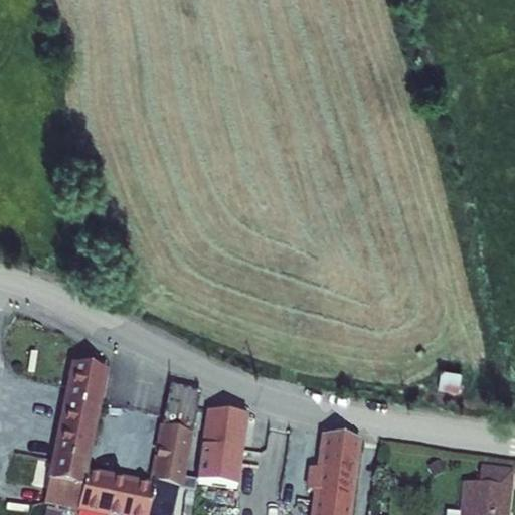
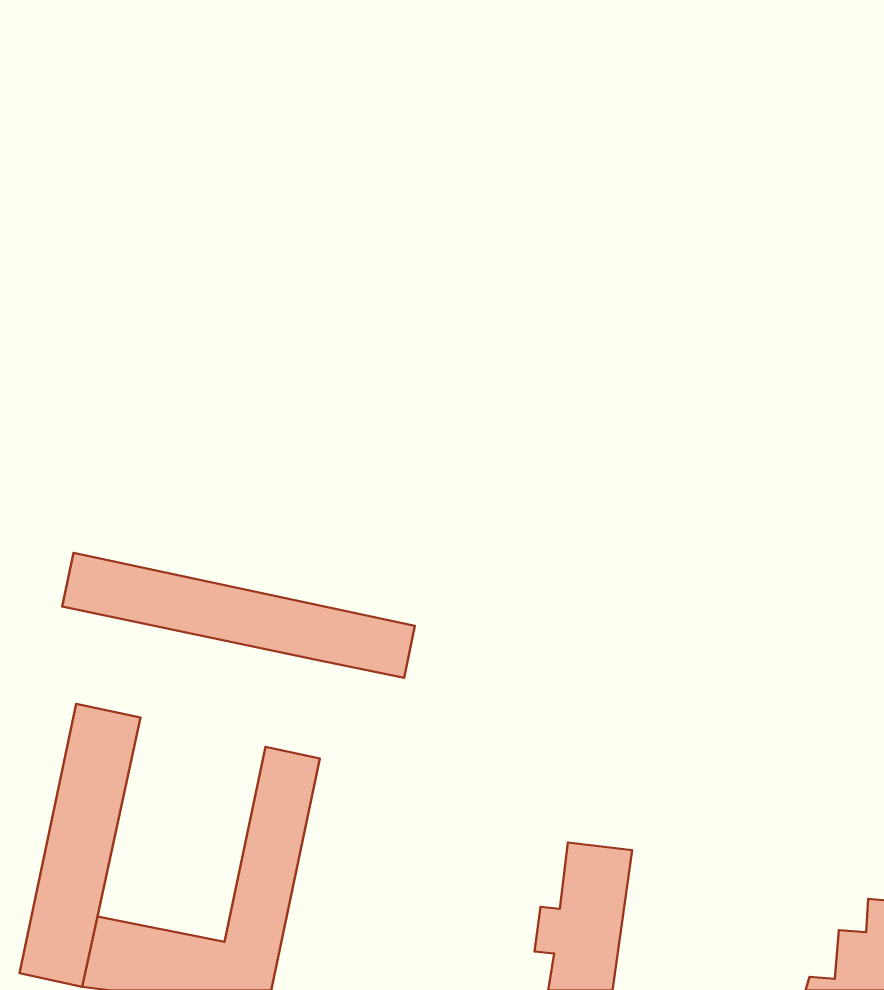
building: none -> [62,553,415,678]
building: [197,411,244,486] -> none

